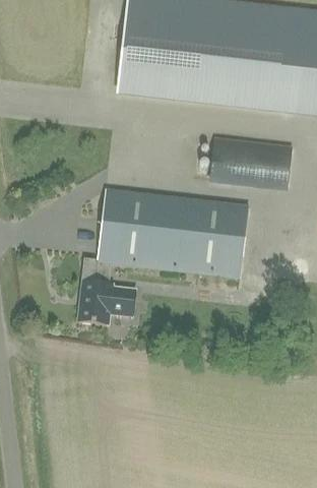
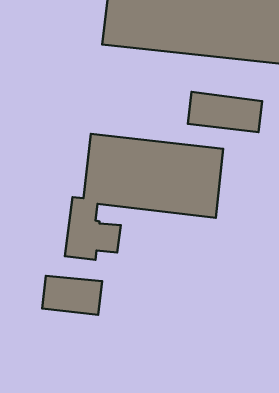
building: none -> [42,276,102,315]

